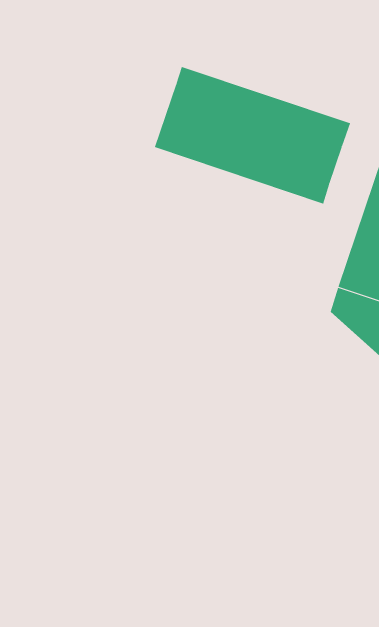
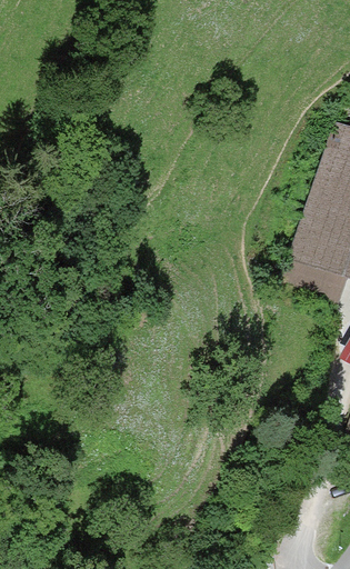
building: [154,66,351,204] -> none

